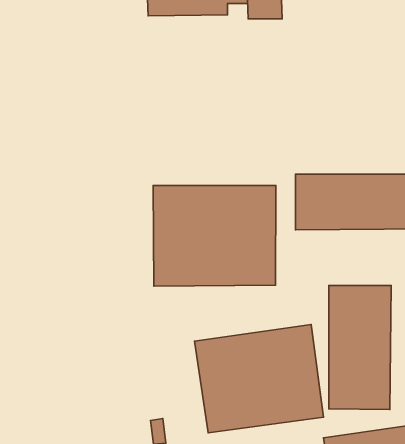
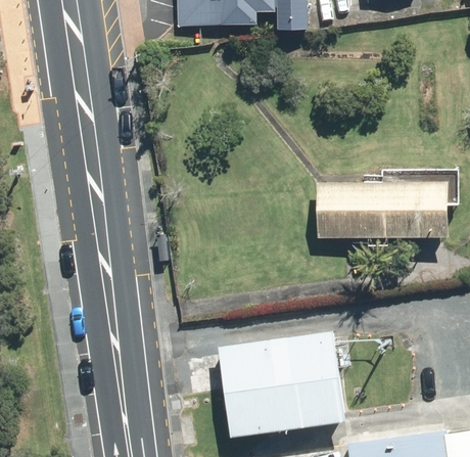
building: [153,186,276,286] -> none
building: [329,286,391,410] -> none

